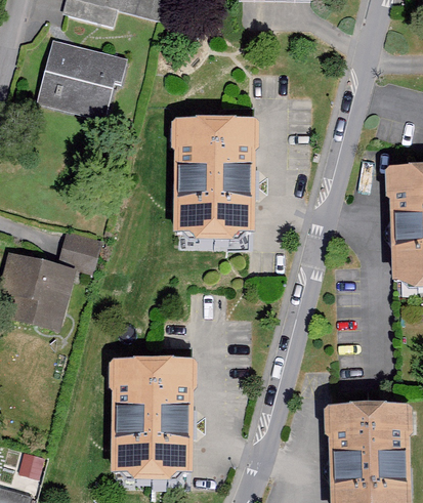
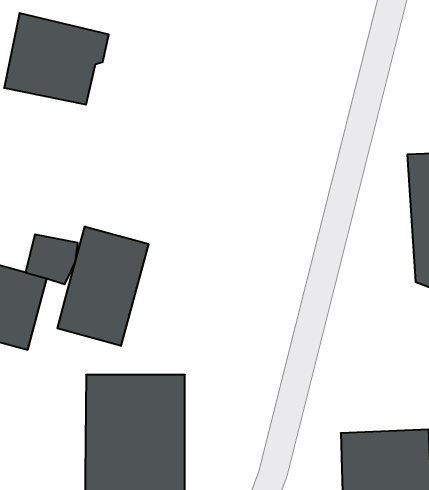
building: [173,115,253,236] -> none
building: none -> [57,226,148,346]

